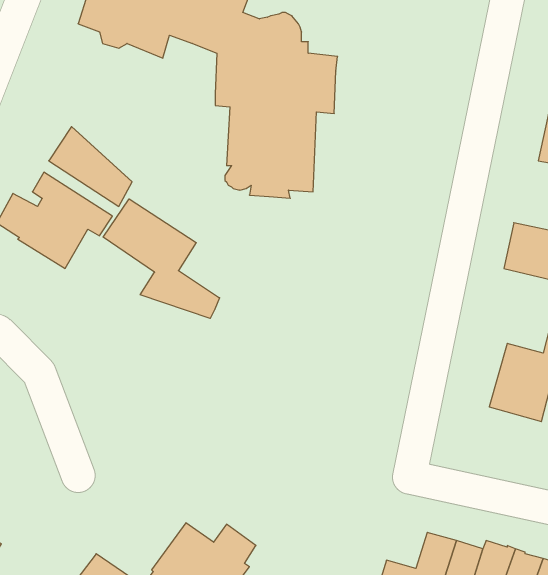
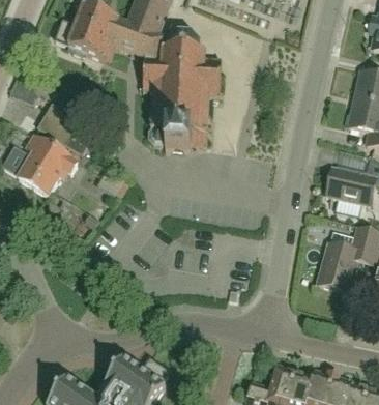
building: [103,199,220,318] -> none

